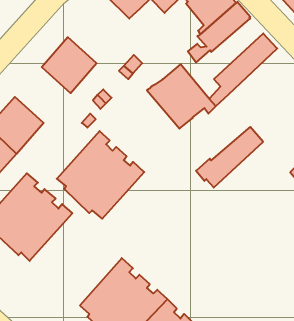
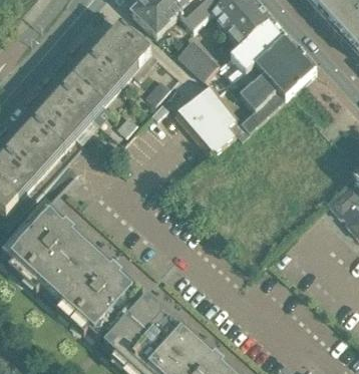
building: none -> [90,19,152,81]
building: none -> [177,34,220,75]
building: none -> [33,85,93,145]
building: [196,127,263,188] -> [229,33,301,98]
building: [57,131,144,219] -> [49,243,143,337]

